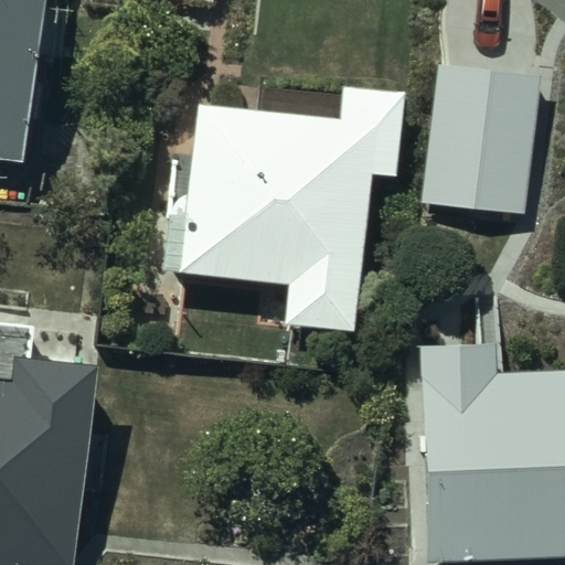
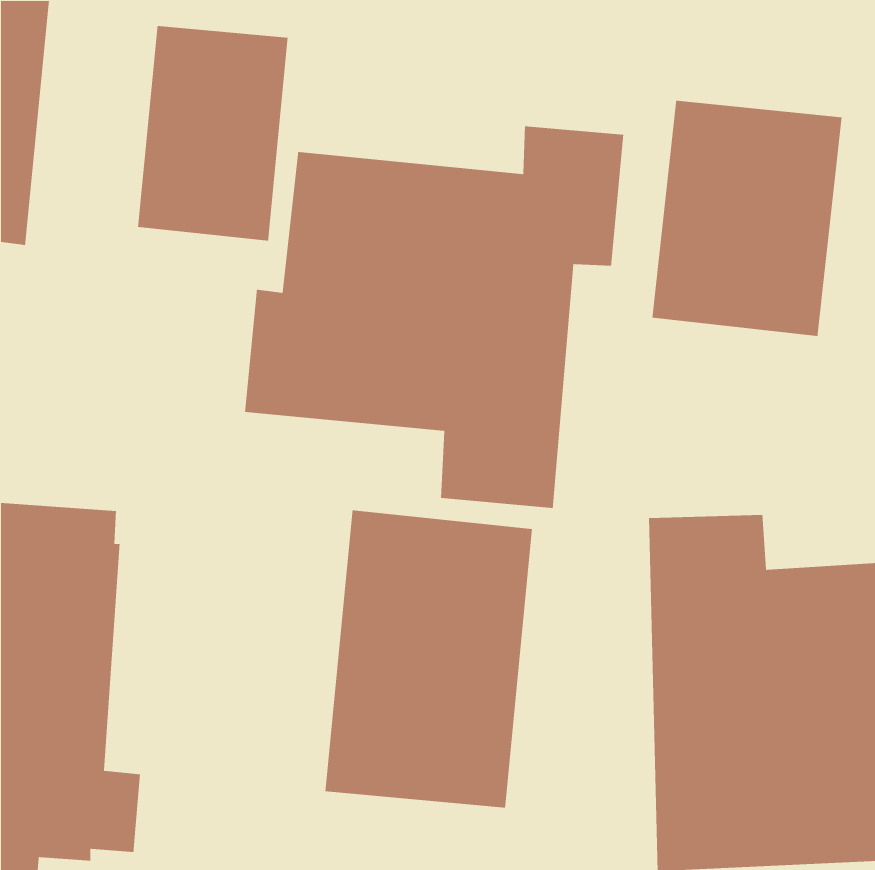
building: none -> [137,25,289,241]
building: none -> [325,509,533,809]

